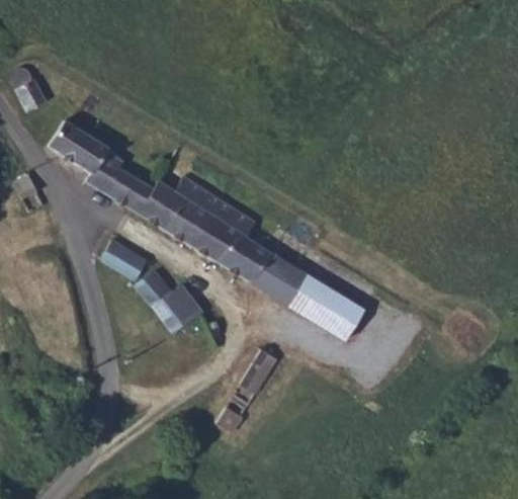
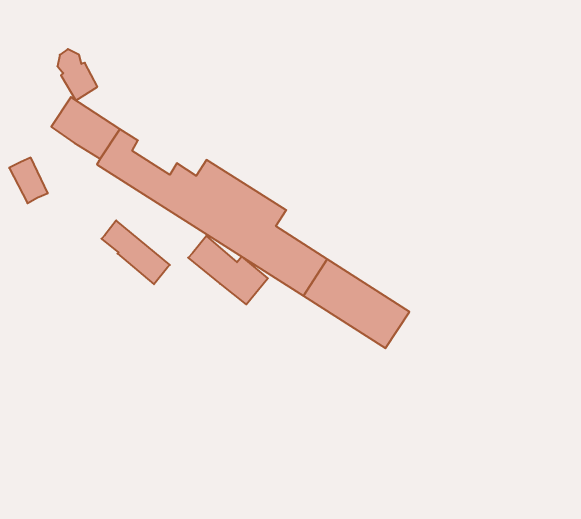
building: [11,66,47,111] -> [57,49,97,100]
building: [134,270,204,331] -> [188,236,268,304]
building: [213,349,276,433] -> none

